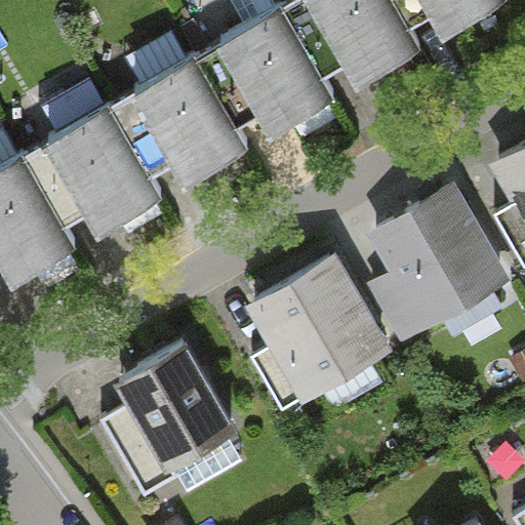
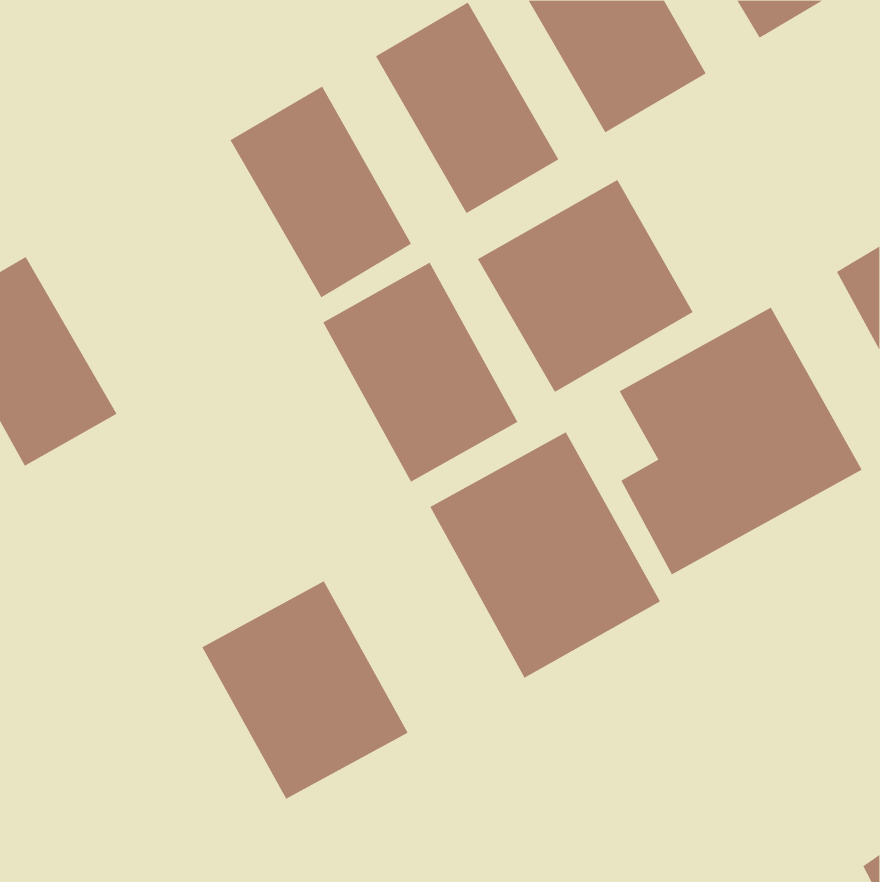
building: [50,109,157,232] -> none
building: none -> [477,179,694,393]
building: none -> [322,262,518,483]

